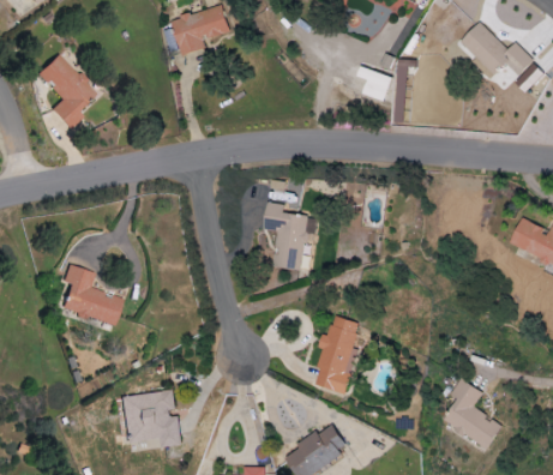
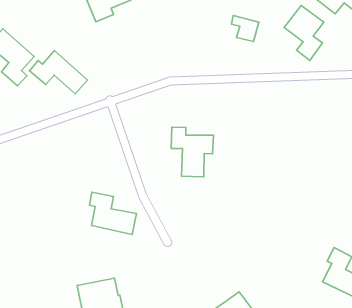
building: none -> [284,5,324,60]
building: none -> [29,50,87,94]
building: [64,265,124,325] -> [89,192,137,234]
building: [314,317,360,392] -> none

